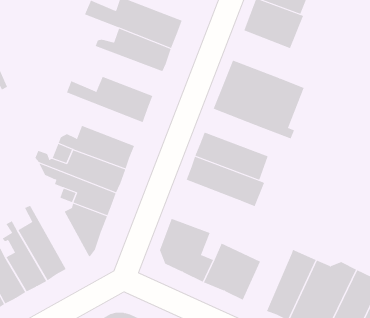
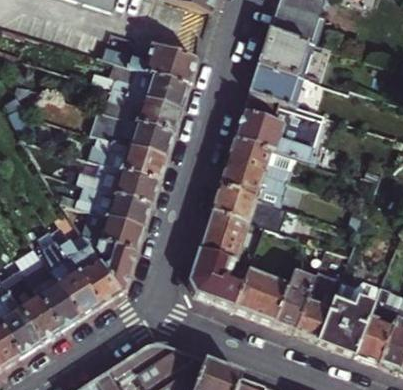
building: none -> [248,62,304,106]
building: none -> [111,86,181,131]
building: none -> [94,136,165,181]
building: none -> [225,140,298,185]
building: none -> [198,211,264,266]
building: none -> [53,227,120,305]
building: none -> [273,268,317,334]

